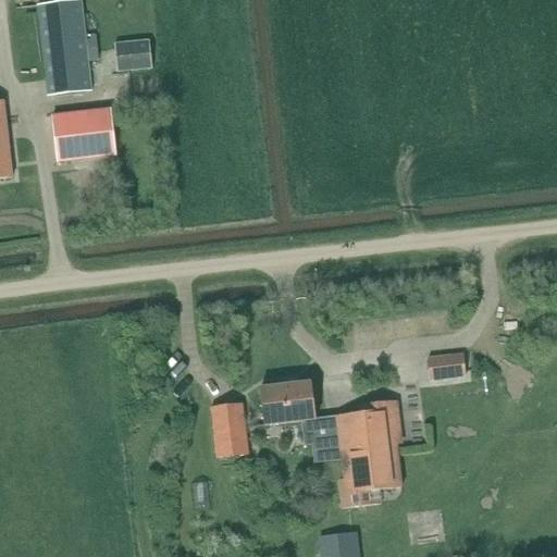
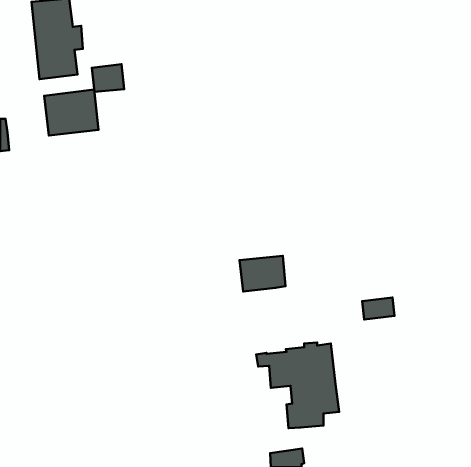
building: [114,37,152,70] -> [92,64,124,92]
building: [260,381,314,423] -> [240,256,286,292]
building: [210,401,249,457] -> none

